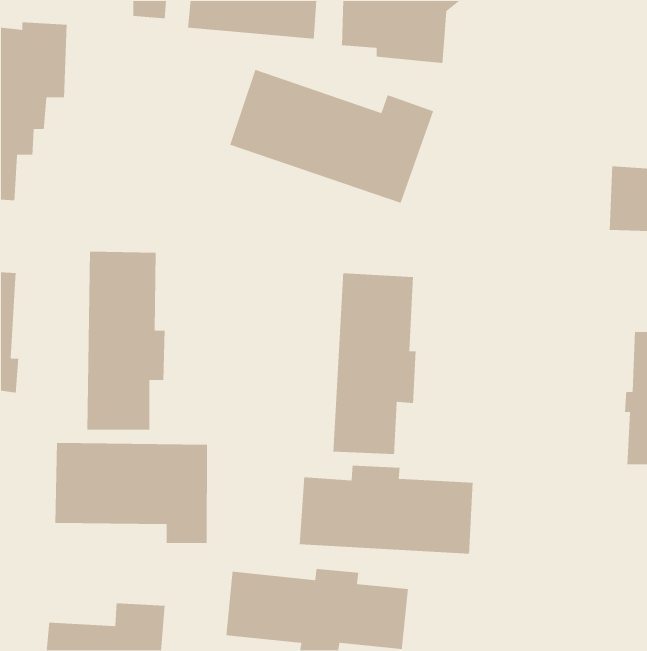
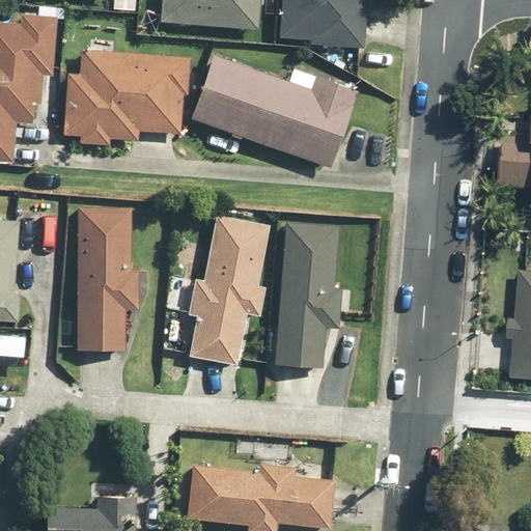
building: none -> [62,50,192,150]
building: none -> [188,214,268,364]
building: [55,442,208,544] -> none
building: [299,465,474,555] -> none

